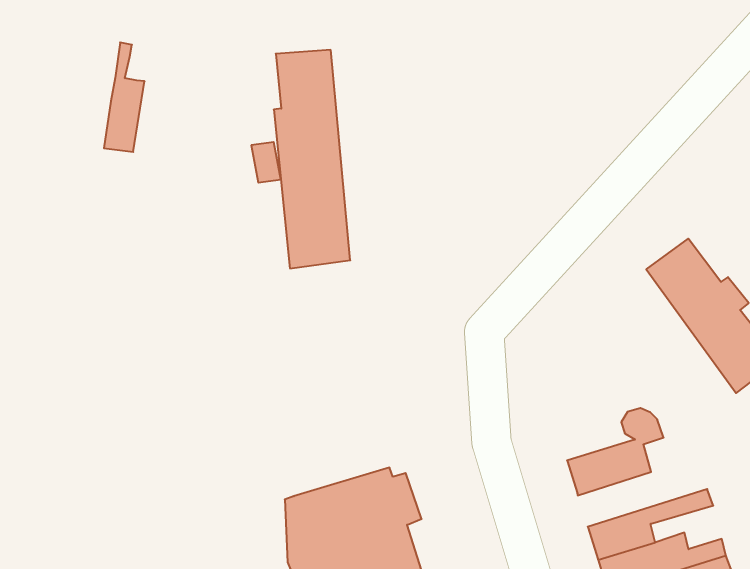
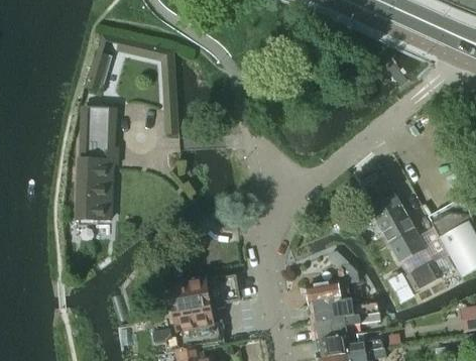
building: [274,50,350,268] -> [77,108,114,222]
building: none -> [310,298,355,324]

